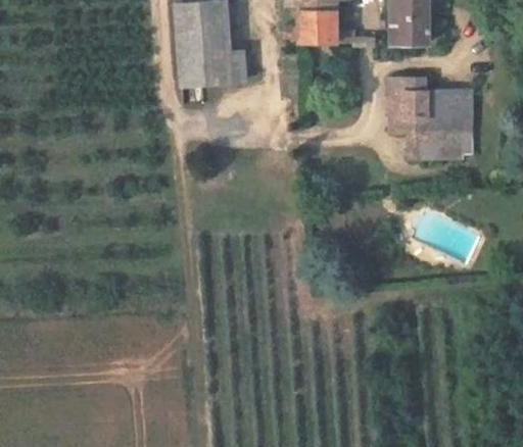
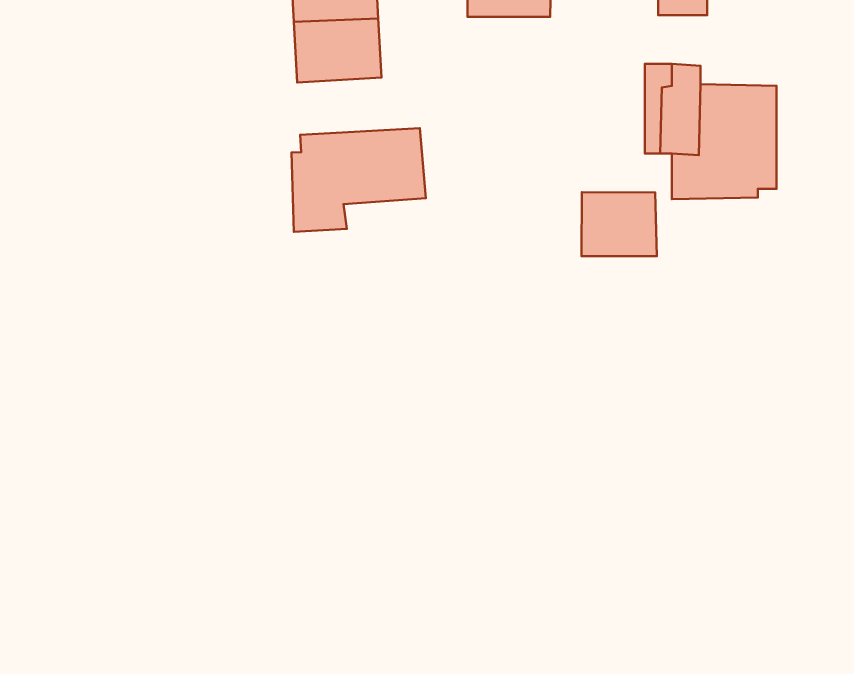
building: none -> [291,128,426,232]
building: none -> [581,192,657,256]

